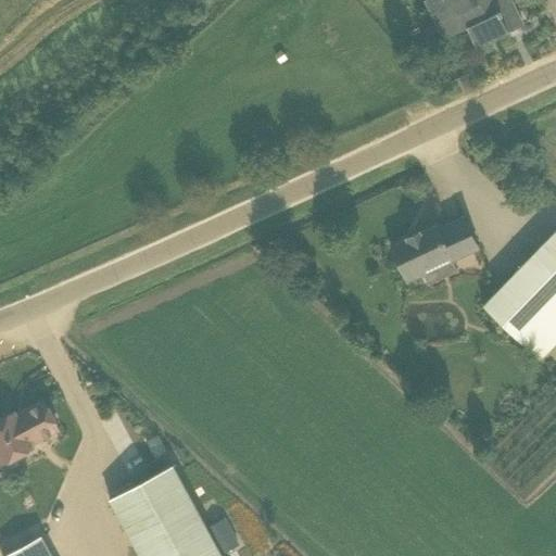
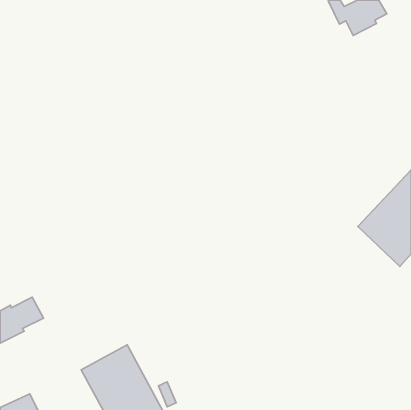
building: [391,219,478,283] -> none

